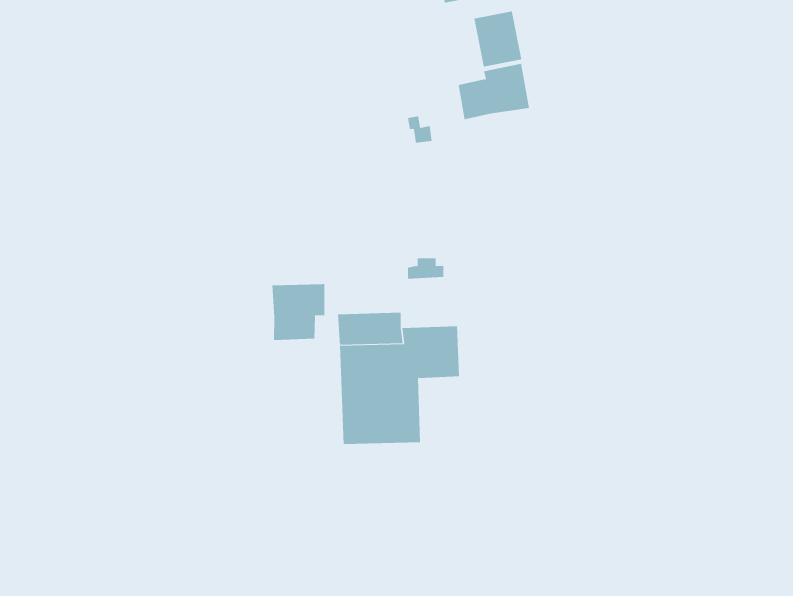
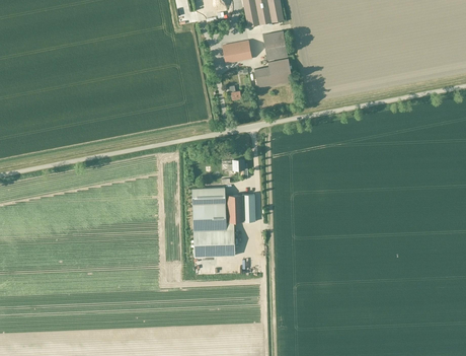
building: none -> [222,41,252,63]
building: [272,283,325,341] -> none

